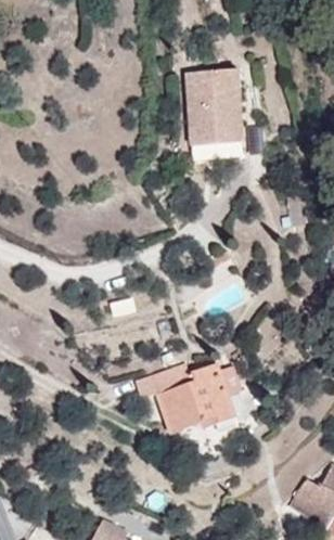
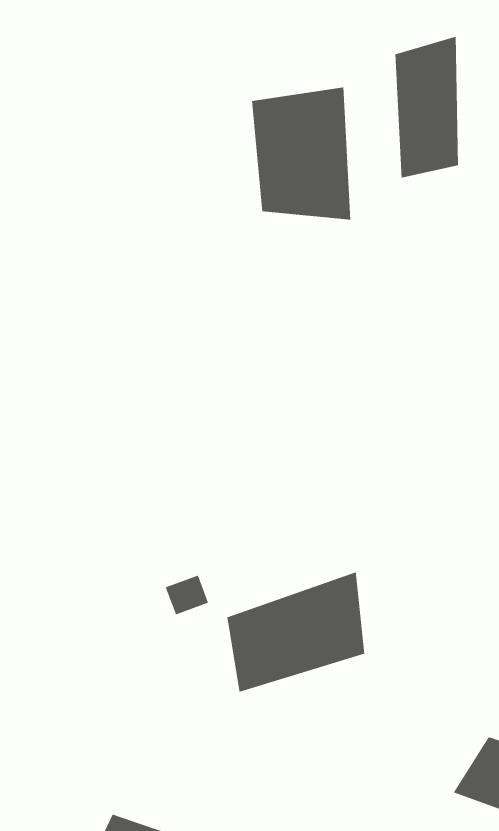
building: none -> [395,36,459,179]

